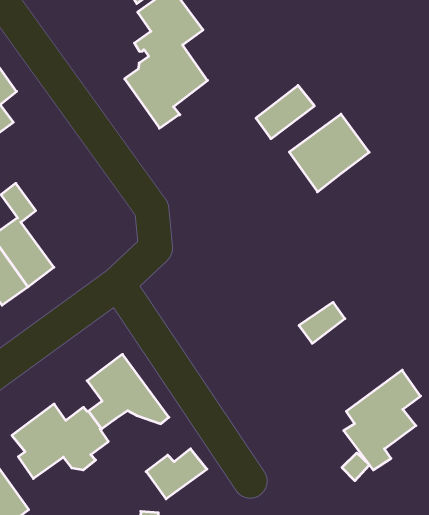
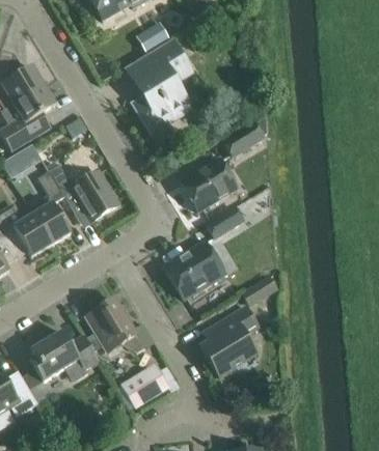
building: [289,114,369,192] -> [181,159,238,213]
building: none -> [59,173,116,220]
building: none -> [206,207,244,238]
building: none -> [166,242,218,300]
building: [344,370,421,470] -> [200,307,258,376]

